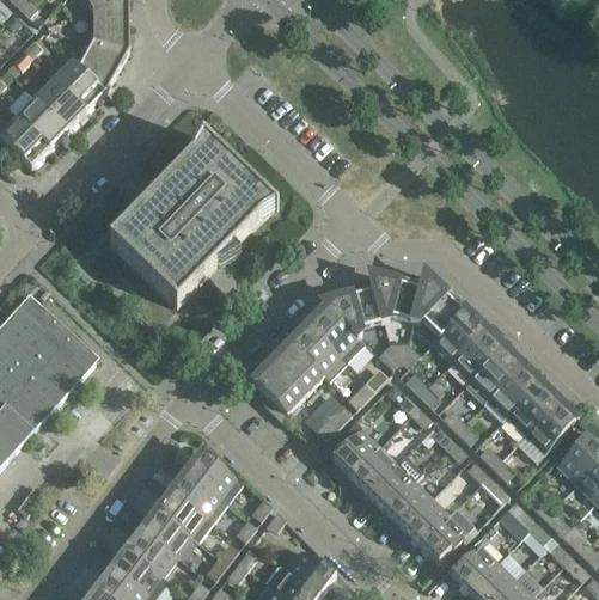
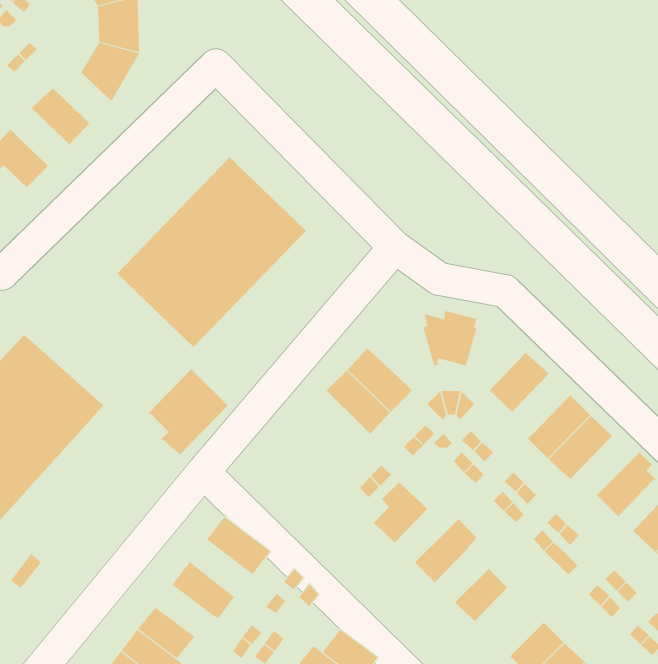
building: [51,60,103,110] -> none
building: [14,97,66,147] -> none
building: [410,277,462,335] -> none
building: [319,287,381,335] -> none
building: [450,327,500,379] -> none
building: [250,342,320,417] -> [147,368,228,455]
building: [505,381,555,433] -> none
building: [348,445,395,491] -> none
building: [170,471,225,521] -> none
building: [383,479,429,526] -> none
building: [417,507,471,561] -> none
building: [140,510,189,556] -> none

